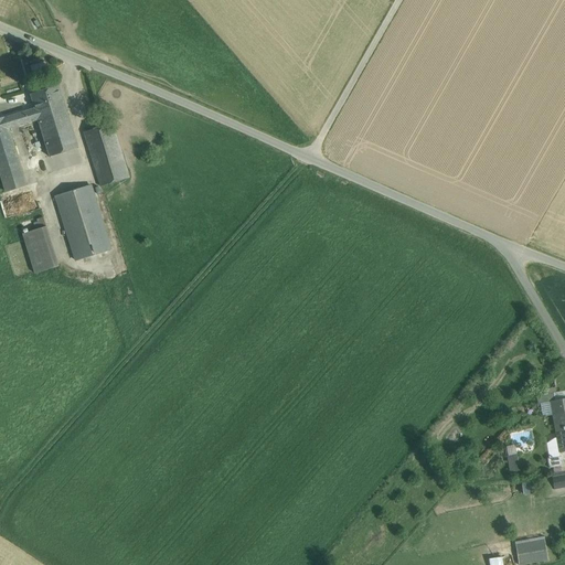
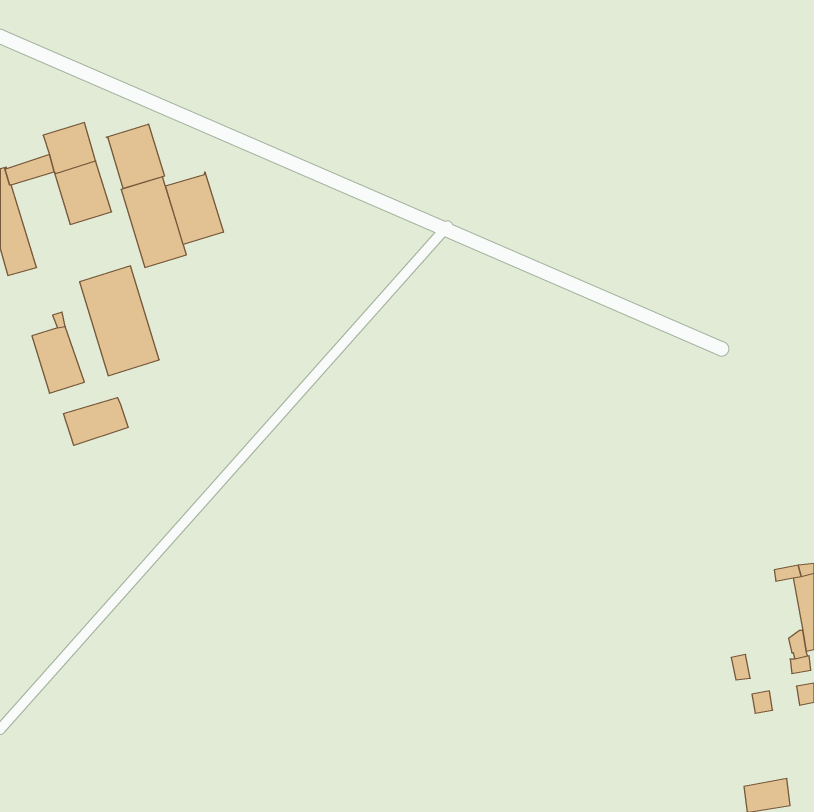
building: none -> [106,124,164,188]
building: none -> [165,172,223,245]
building: none -> [64,398,128,445]

